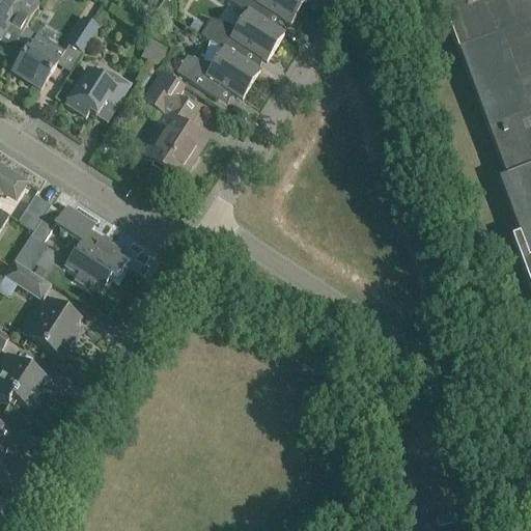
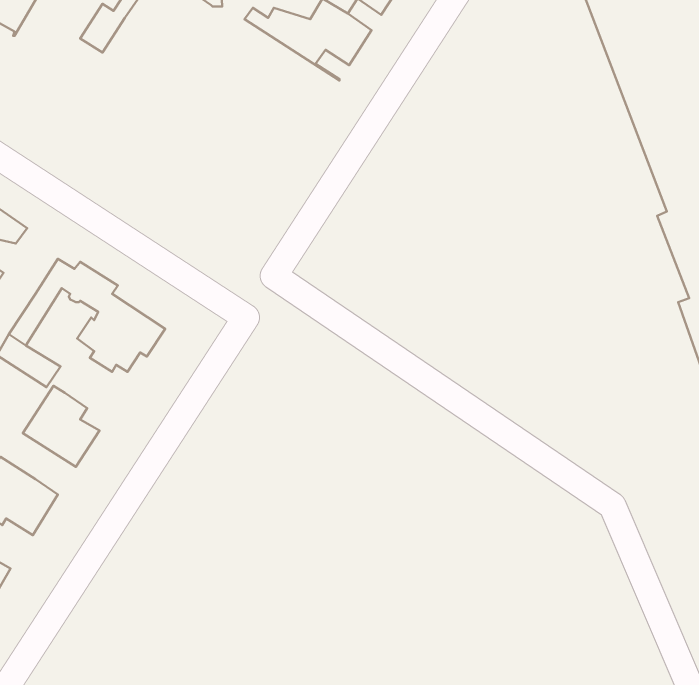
building: [178,24,261,95] -> none
building: [15,38,67,85] -> none
building: [66,65,134,114] -> none
building: [144,68,207,173] -> none
building: [20,192,52,228] -> none

